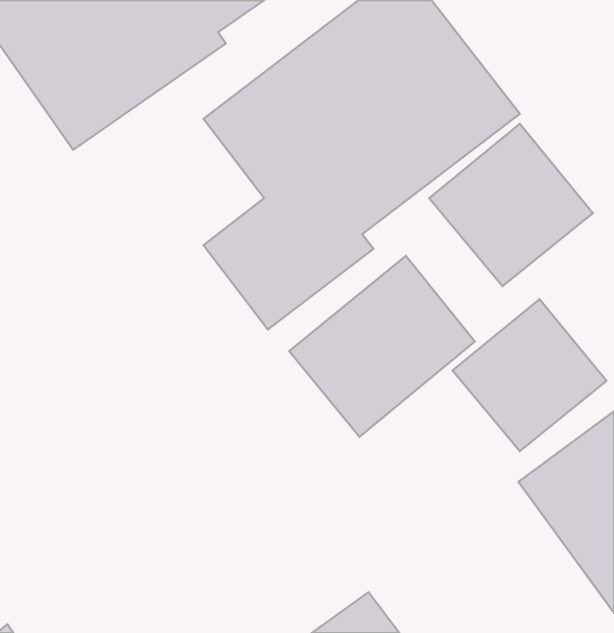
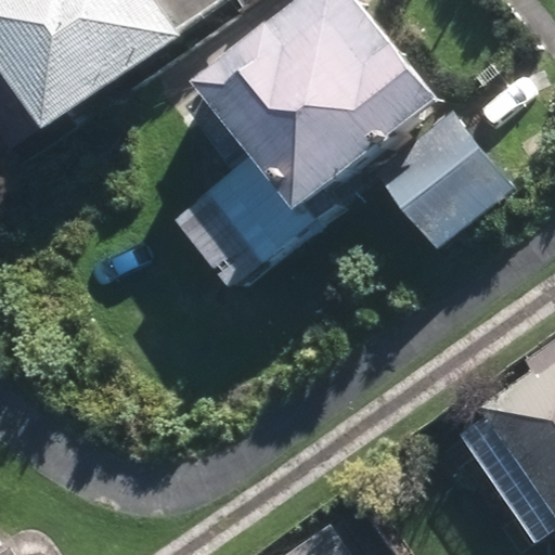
building: [289,256,475,437] -> none
building: [453,299,607,451] -> none

